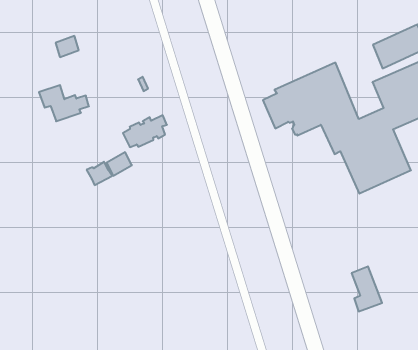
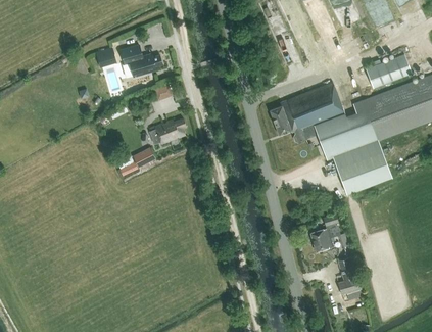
building: [39,85,89,121] -> [119,45,161,76]
building: none -> [309,214,339,251]

